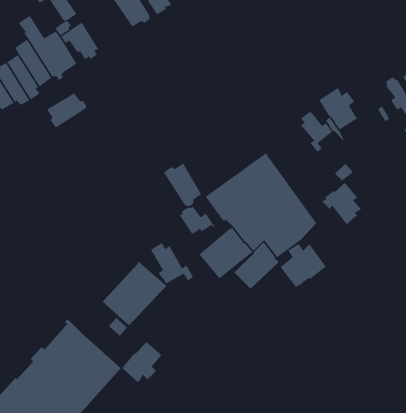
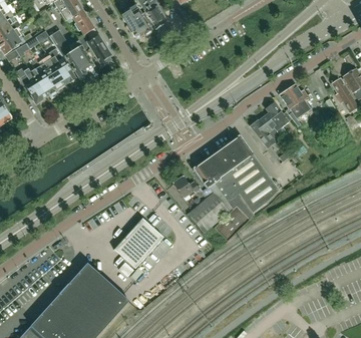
building: [46,92,87,129] -> none
building: [163,163,202,207] -> none
building: [322,182,362,225] -> [248,113,279,146]
building: [150,242,194,285] -> none
building: [280,243,326,288] -> none
building: [121,341,162,383] -> none

